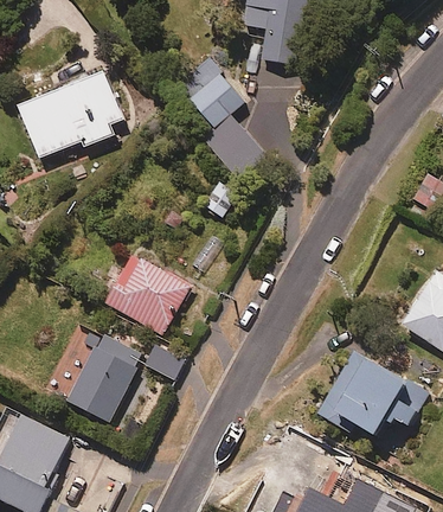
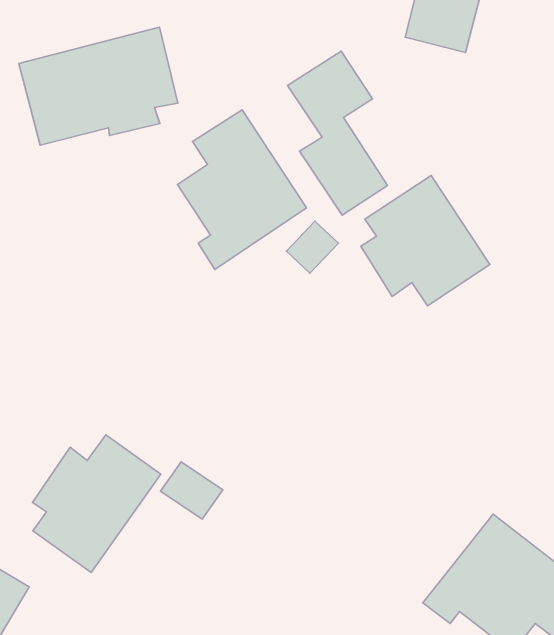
building: none -> [177,110,307,269]
building: none -> [361,175,490,306]
building: [107,256,188,334] -> none

